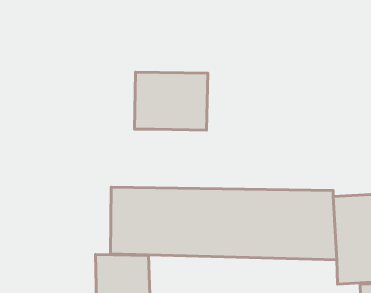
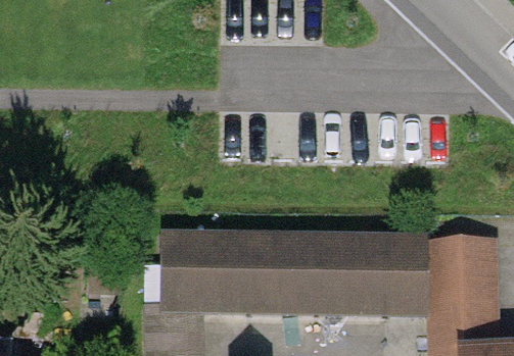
building: [134,72,208,130] -> none

